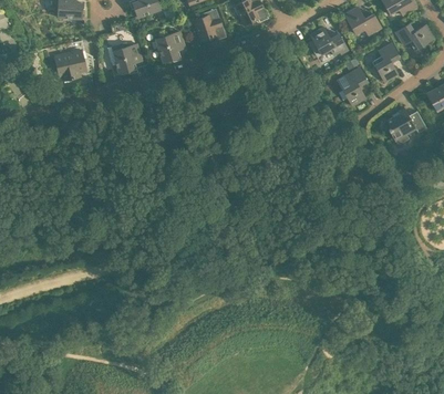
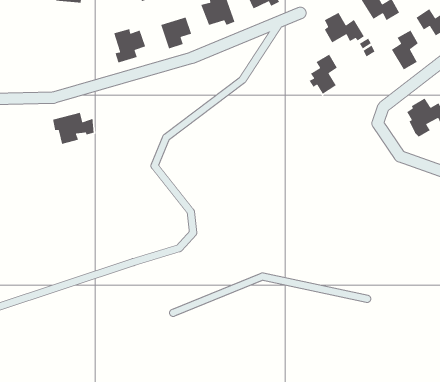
building: [54,50,94,81] -> [52,112,94,145]
building: [339,68,366,106] -> [308,54,338,95]

